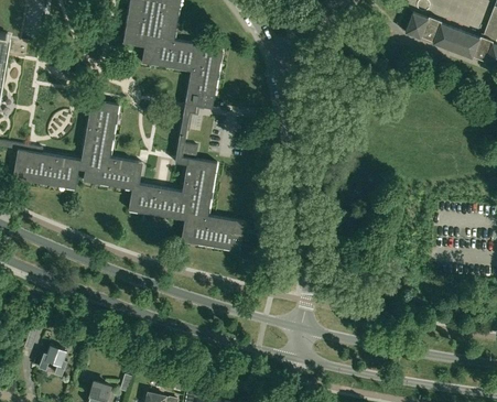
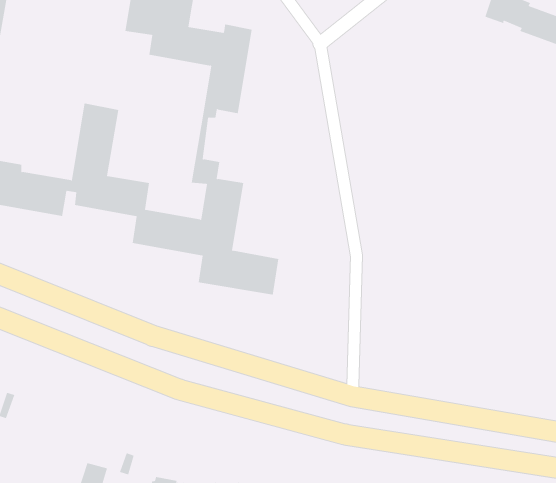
building: [37,345,67,376] -> none

